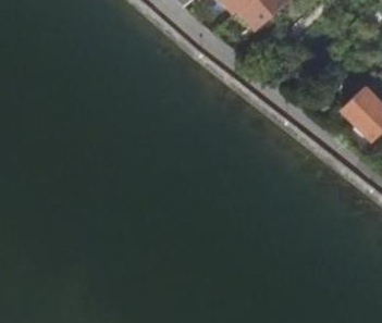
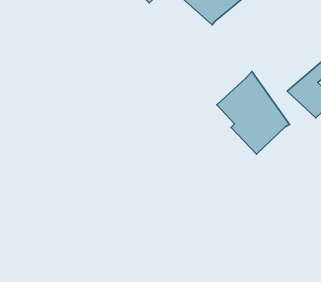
building: none -> [217,71,289,154]

